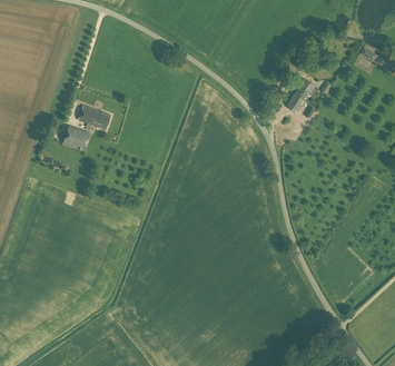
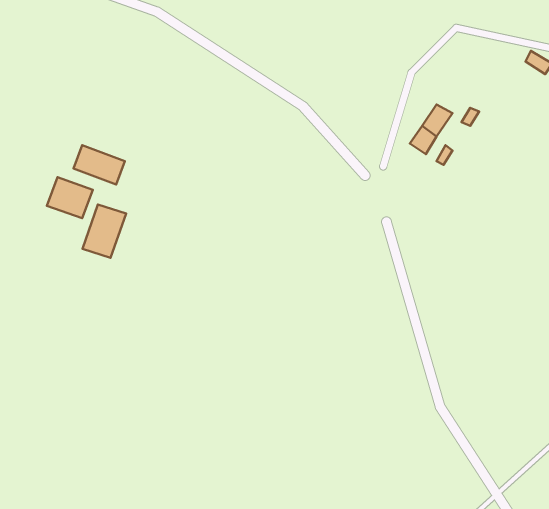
building: none -> [82,205,126,258]

